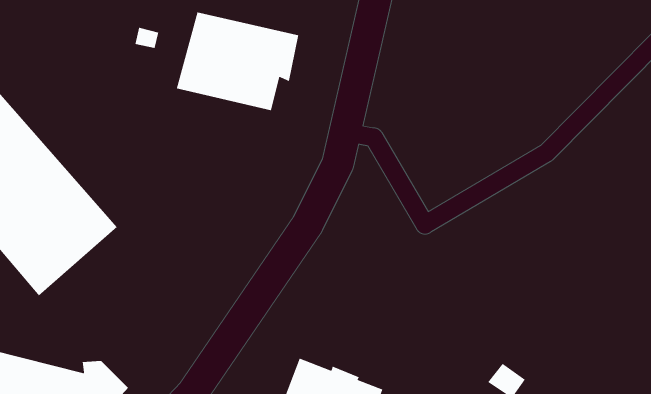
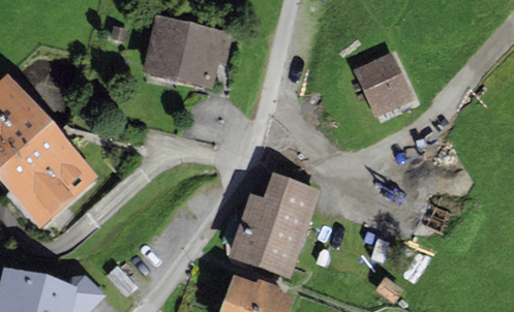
building: none -> [353,52,415,118]
building: none -> [226,173,322,278]

